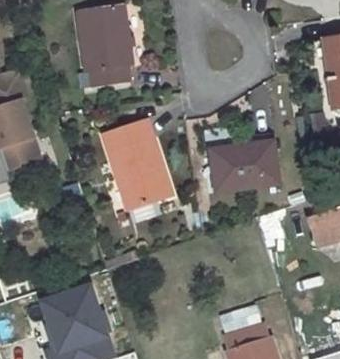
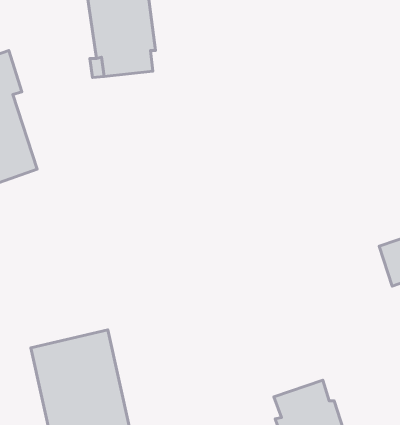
building: [104,121,172,207] -> none
building: [212,141,279,191] -> none

